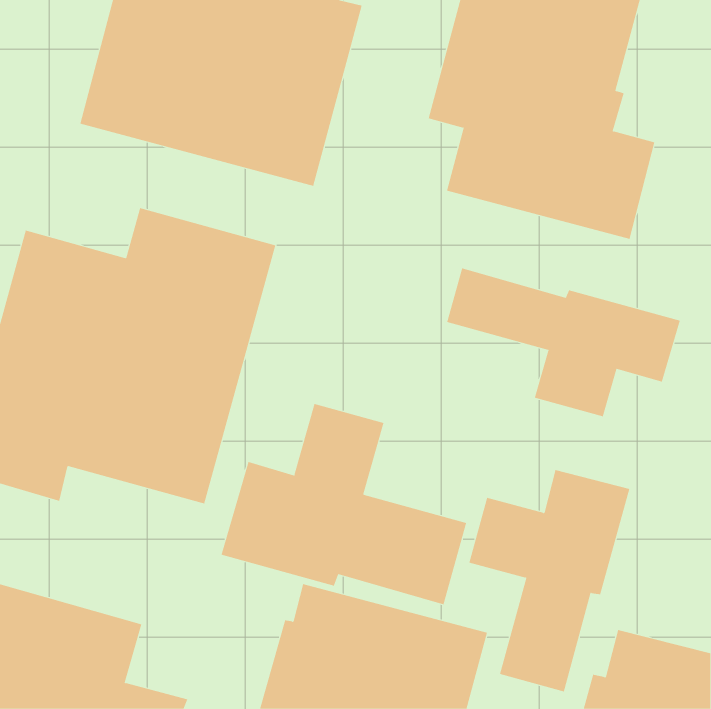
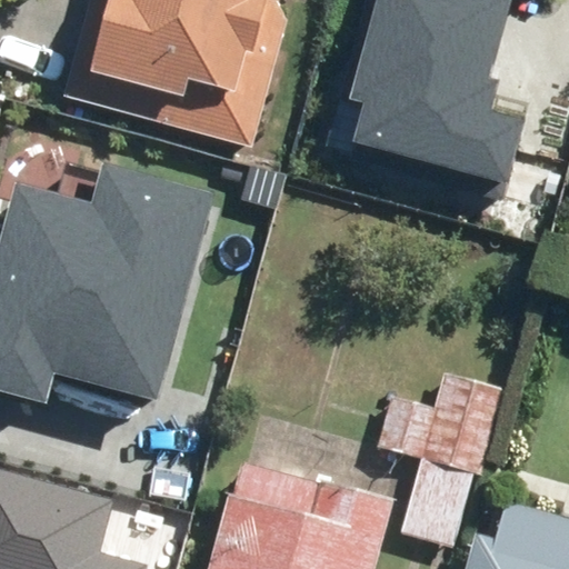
building: [447,268,681,417] -> none
building: [221,403,467,605] -> none

